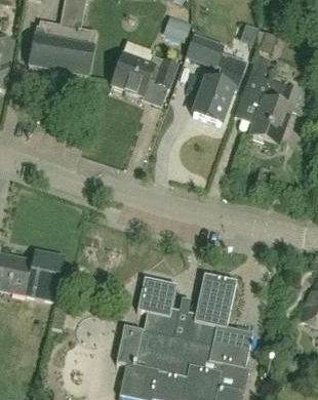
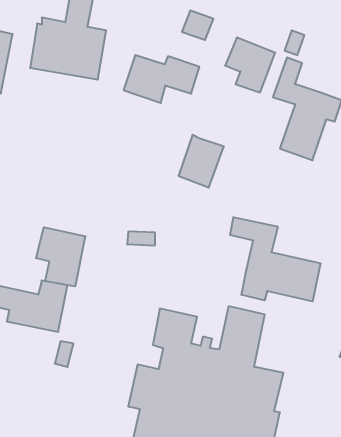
building: [191,77,231,123] -> [178,135,224,188]
building: none -> [230,217,321,301]
building: none -> [36,227,85,286]

